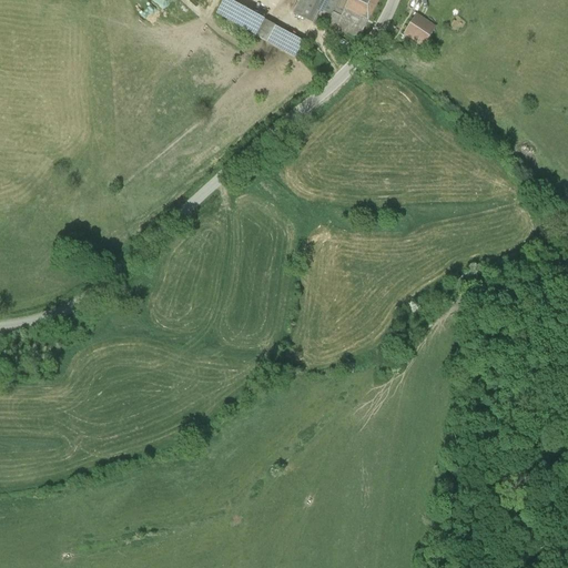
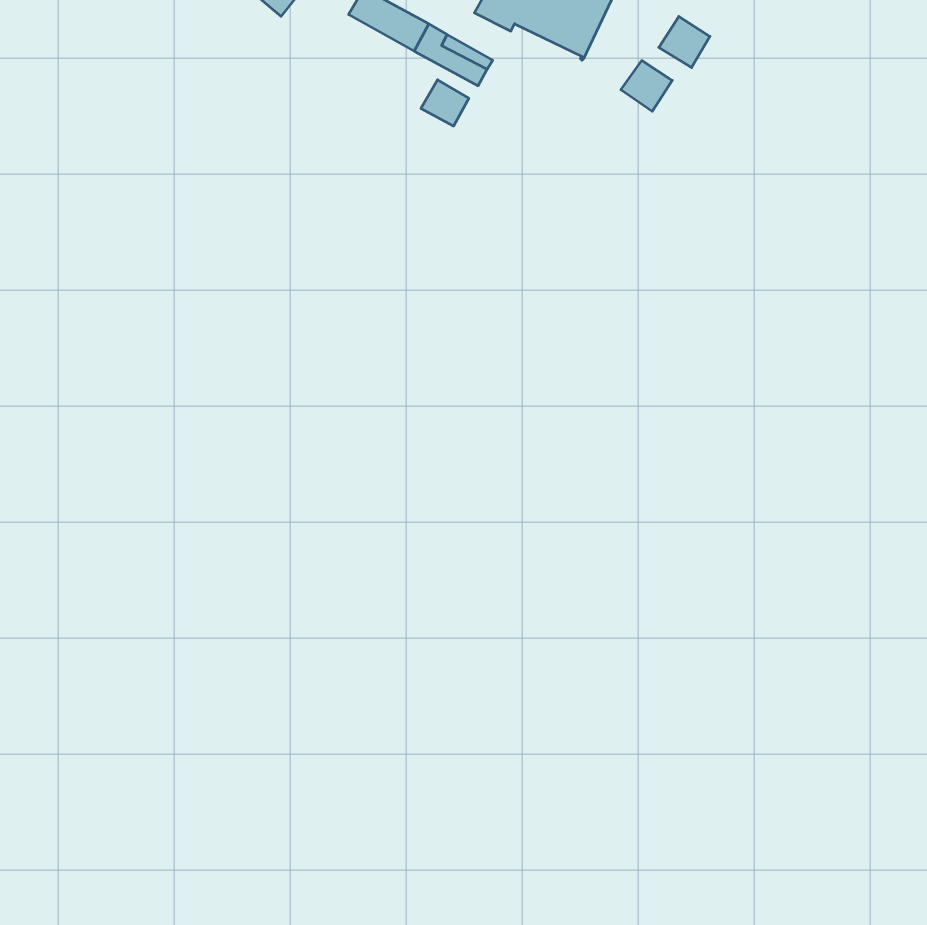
building: none -> [621,61,672,111]
building: none -> [421,80,469,126]

